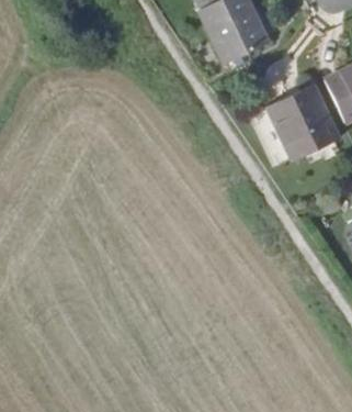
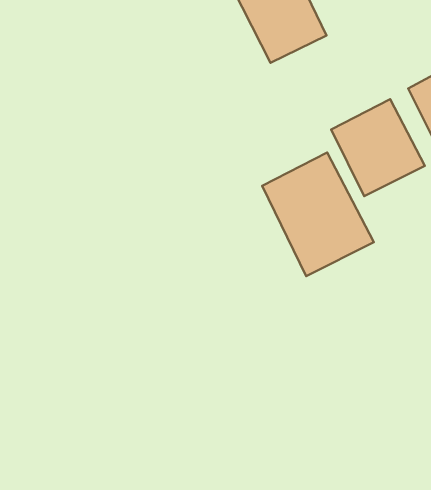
building: none -> [262,152,374,276]

